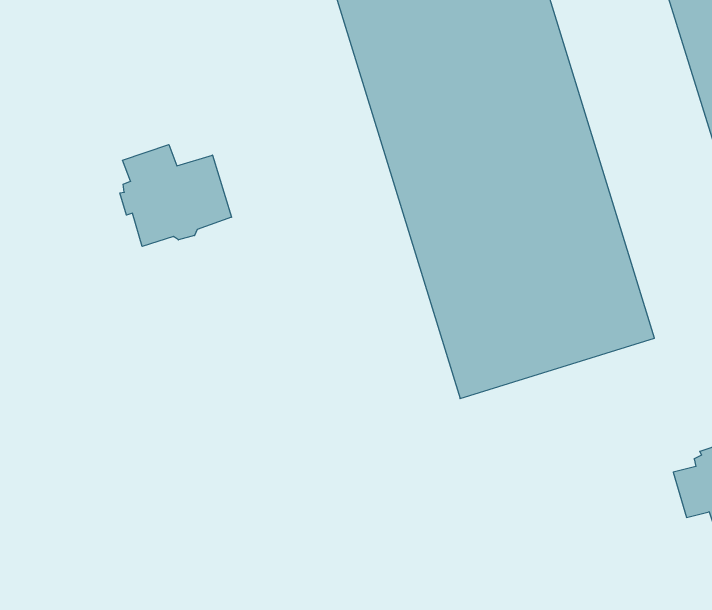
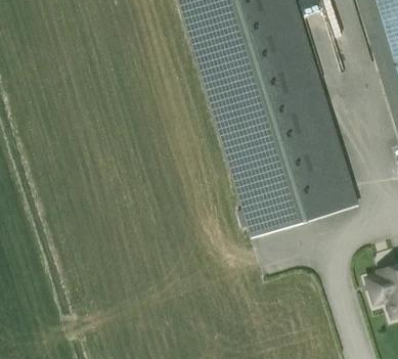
building: [120,145,232,246] -> none

